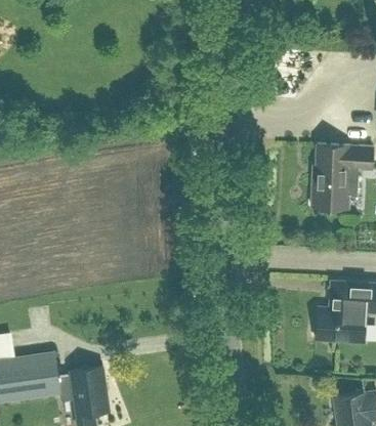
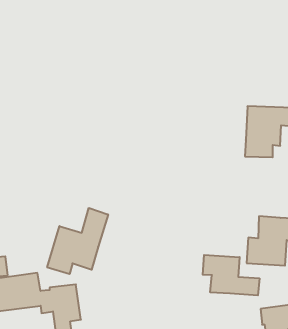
building: none -> [47,208,108,274]
building: none -> [203,255,259,295]

